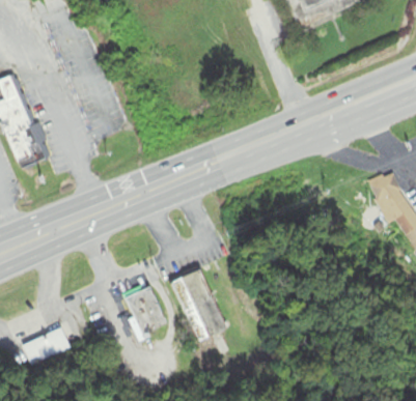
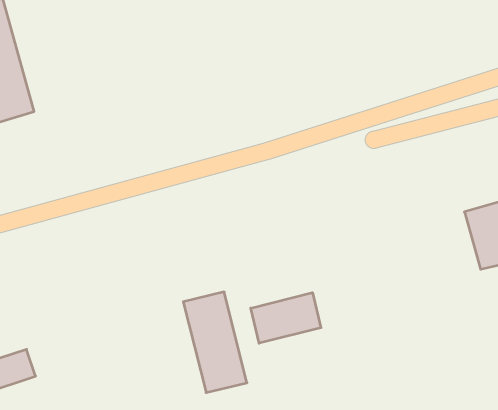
building: none -> [251,293,321,343]
building: [126,283,169,335] -> none

